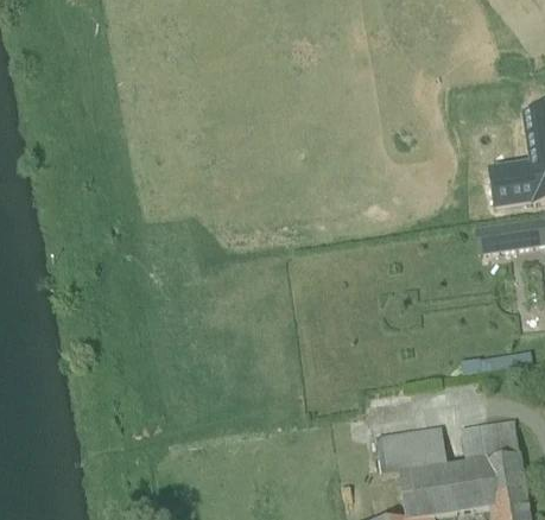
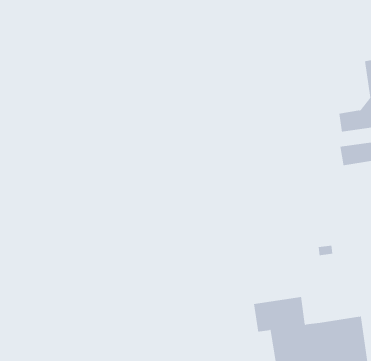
building: [461,418,519,461] -> none

